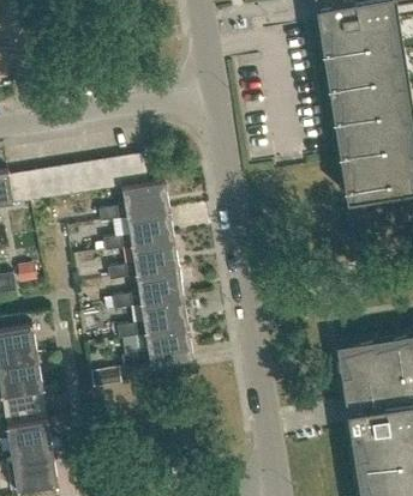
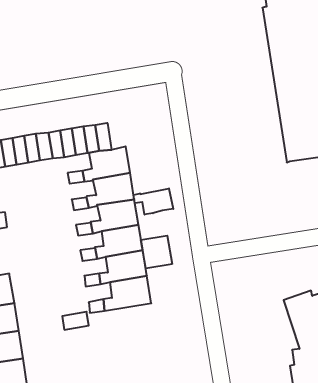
building: none -> [134,188,173,215]
building: none -> [141,236,172,268]

